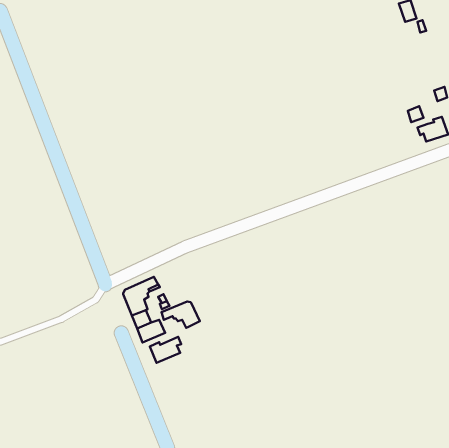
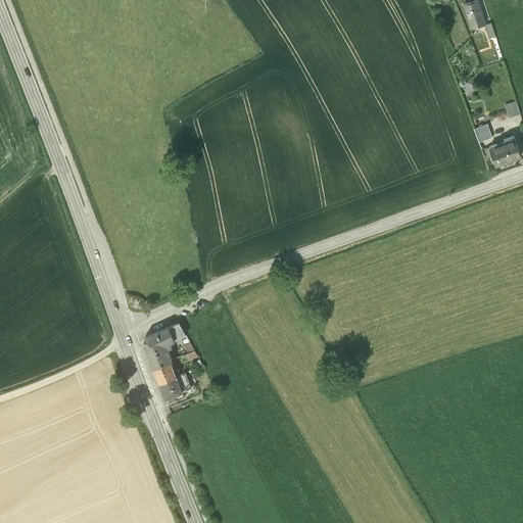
building: [161,301,200,328] -> none
building: [150,337,181,363] -> none

